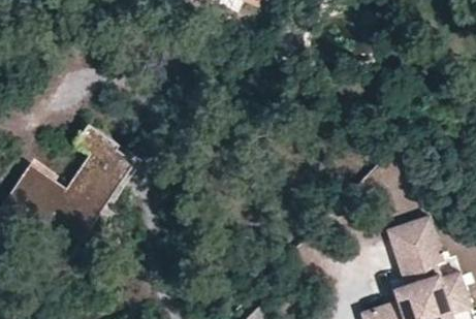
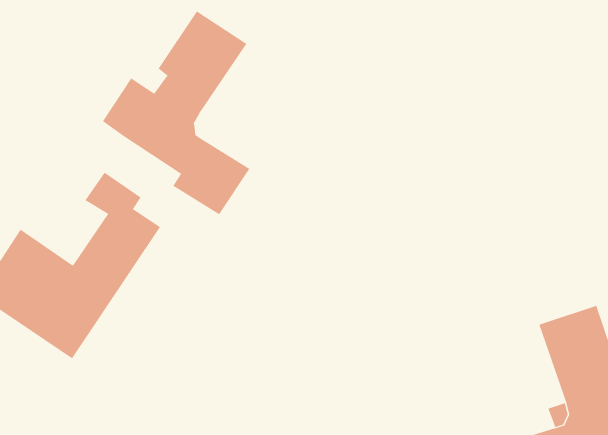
building: none -> [102,10,250,215]

